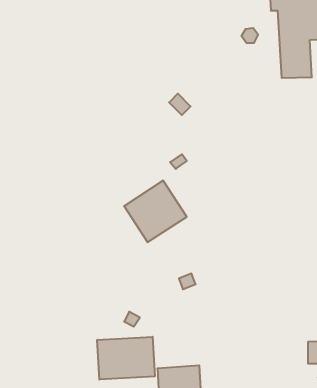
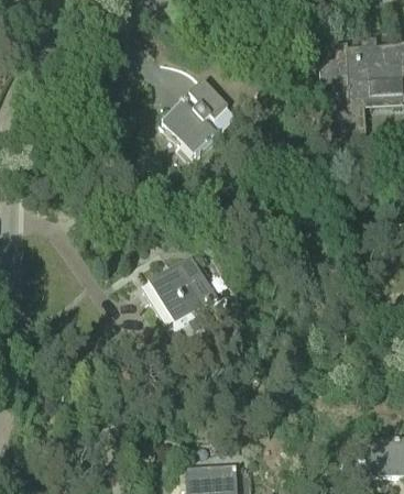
building: none -> [161,79,227,154]
building: [97,337,155,380] -> none

